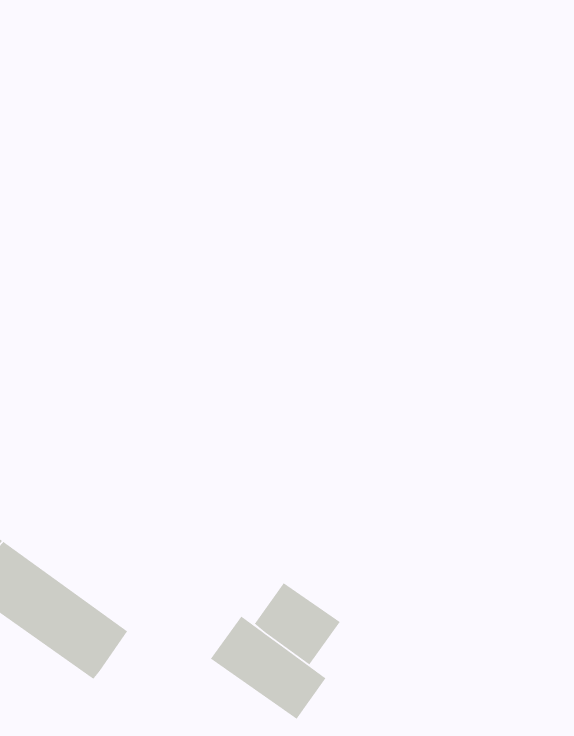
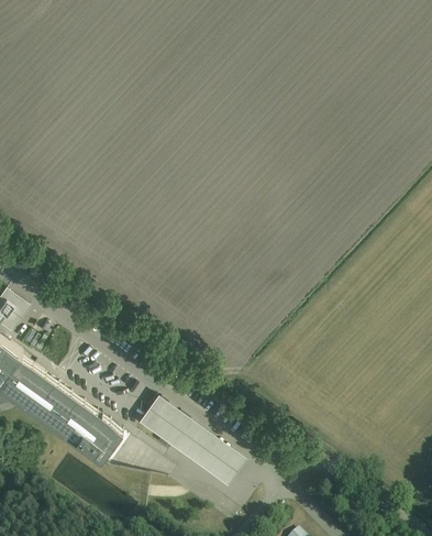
building: [254,582,341,665] -> [141,395,196,448]

